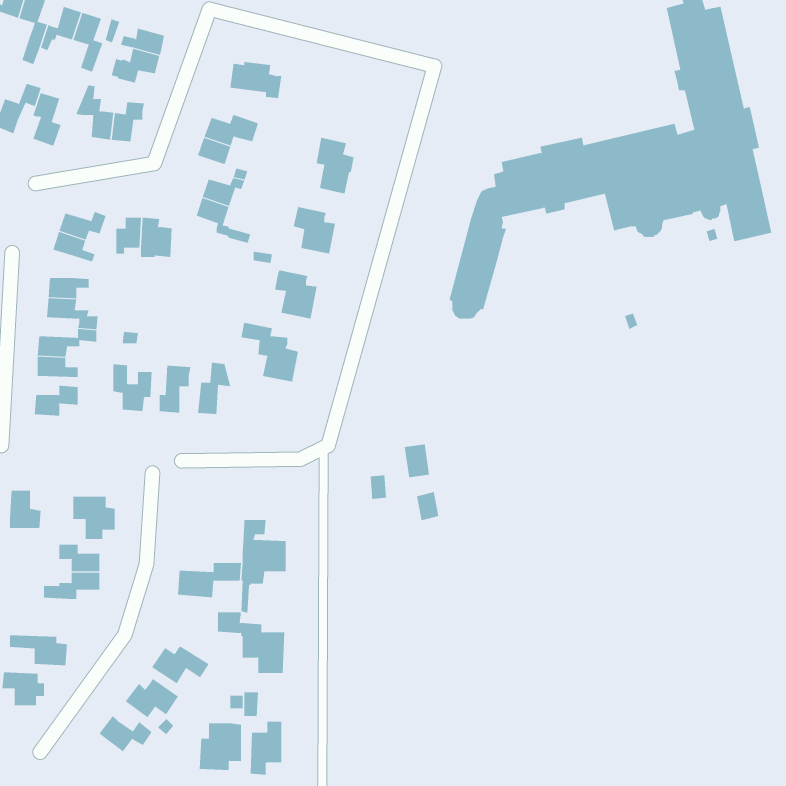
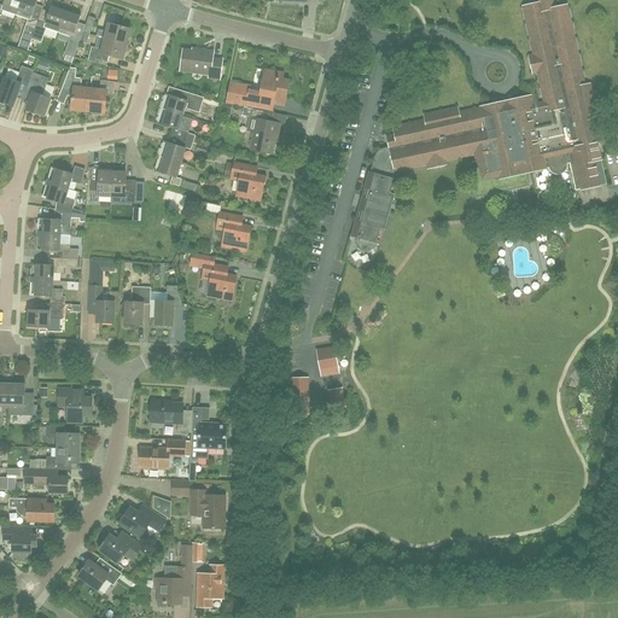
building: none -> [225,68,286,107]
building: none -> [150,400,191,433]
building: none -> [23,468,66,492]

